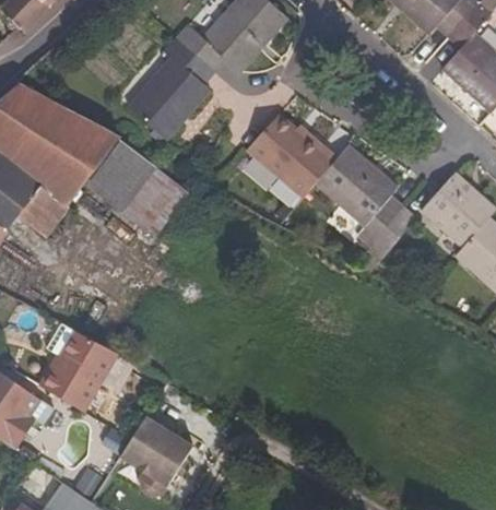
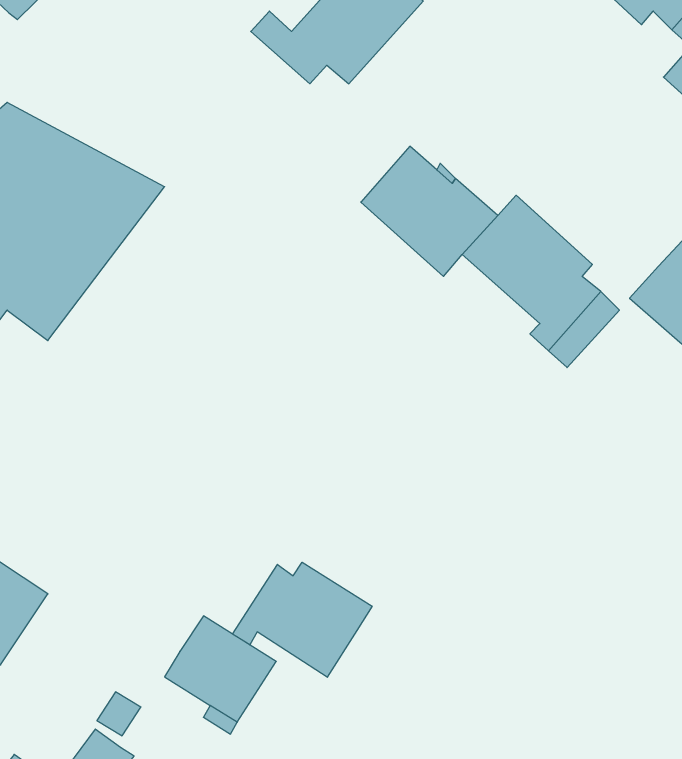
building: [127,38,214,141] -> none
building: [85,139,188,236] -> none
building: [40,330,120,413] -> none
building: none -> [233,562,372,677]

